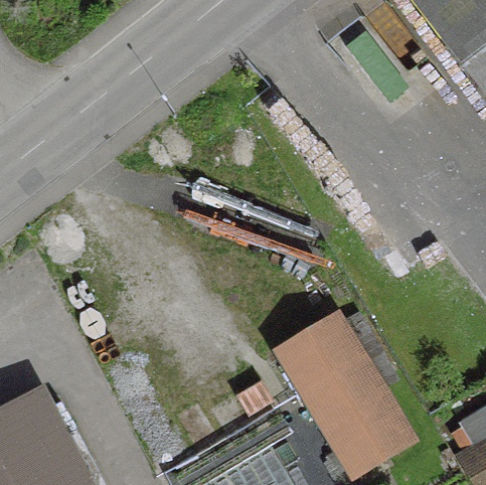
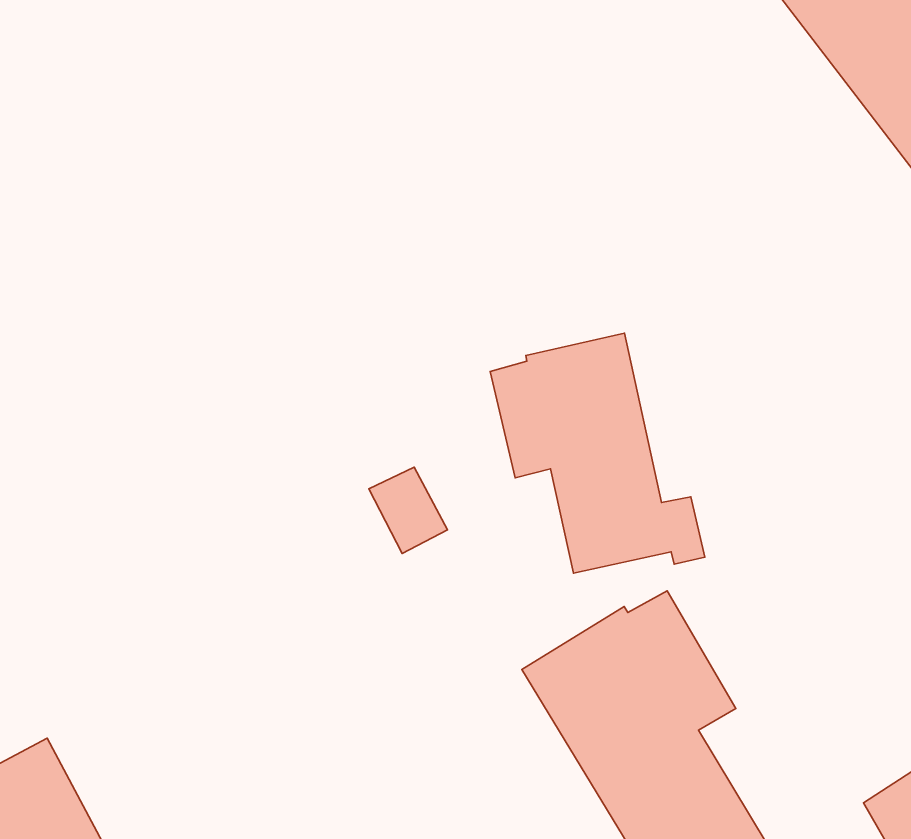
building: none -> [490,333,705,573]

